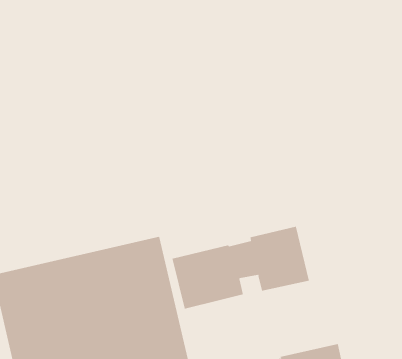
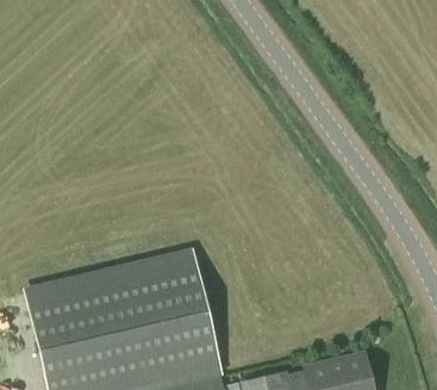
building: [172,226,310,309] -> none

